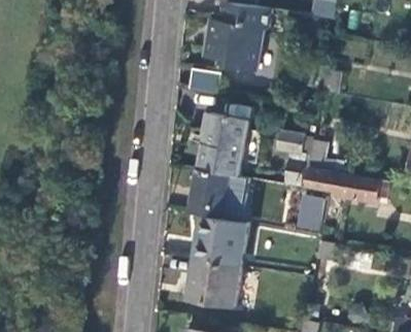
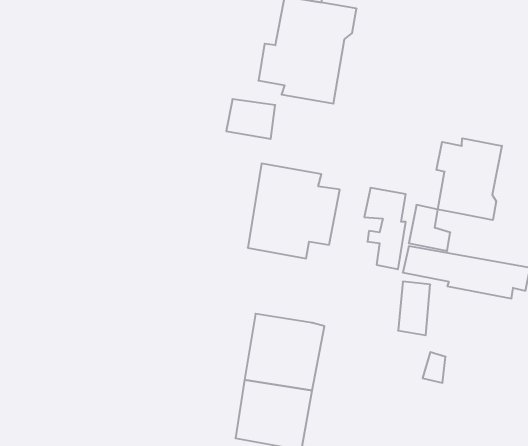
building: none -> [437,138,502,220]
building: [190,169,249,220] -> none

